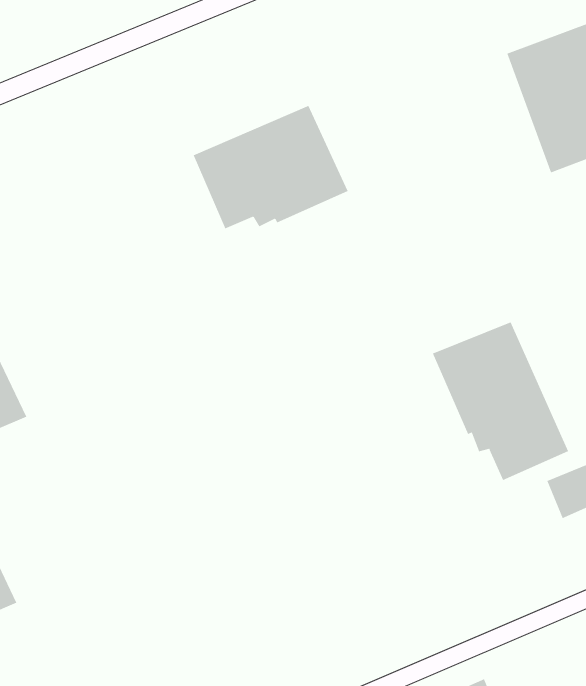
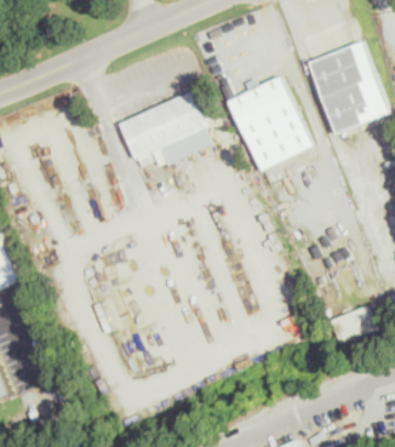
building: none -> [228,75,313,171]
building: [432,322,569,481] -> none

